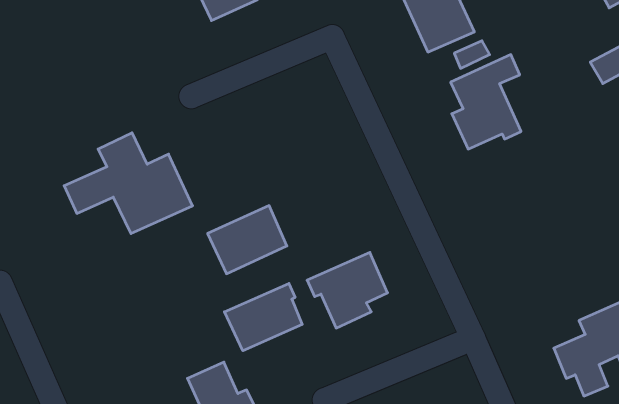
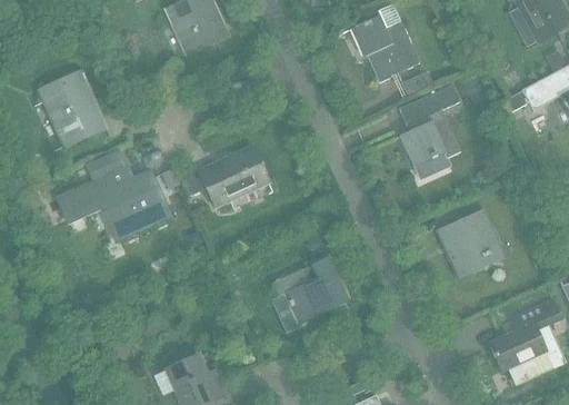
building: none -> [40,71,108,147]
building: none -> [438,210,500,277]
building: [208,206,287,274] -> [199,146,269,206]
building: [224,283,302,351] -> none

